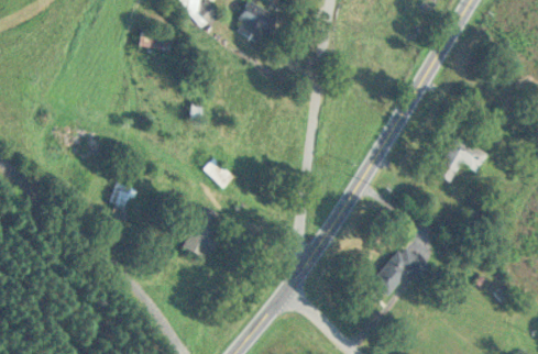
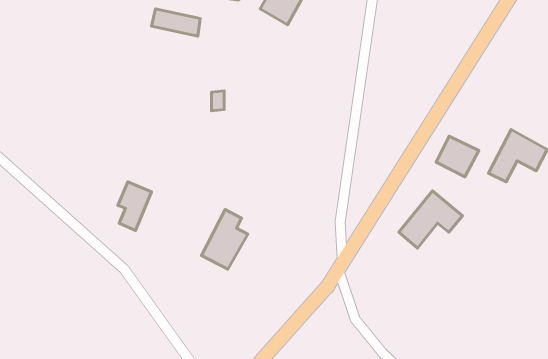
building: none -> [436,136,479,177]
building: [202,158,232,189] -> none
building: [372,245,428,296] -> [399,191,462,248]

